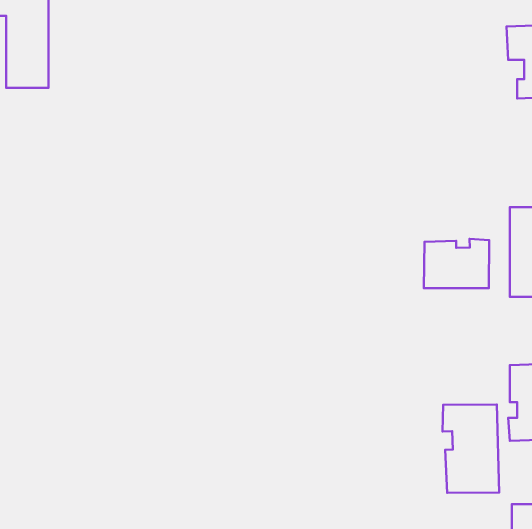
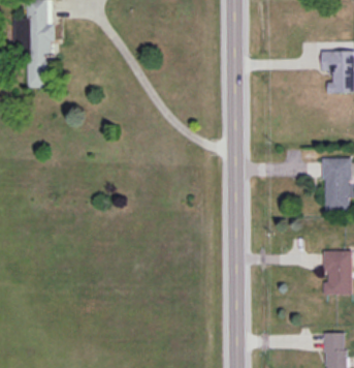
building: [424,239,489,288] -> none
building: [443,404,499,493] -> none

